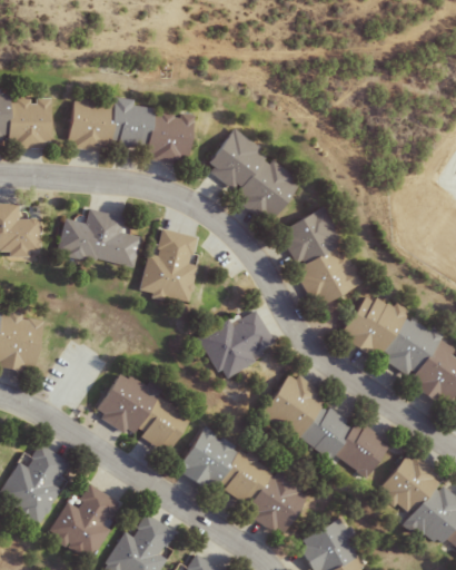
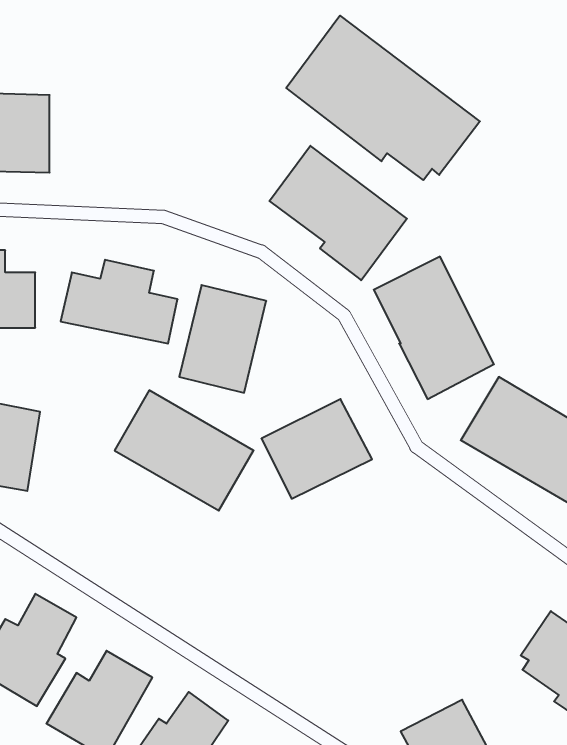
building: none -> [286,16,480,180]
building: [68,100,195,166] -> none
building: [95,371,192,455] -> [115,390,254,511]
building: [260,374,389,479] -> none
building: [177,428,310,537] -> none

